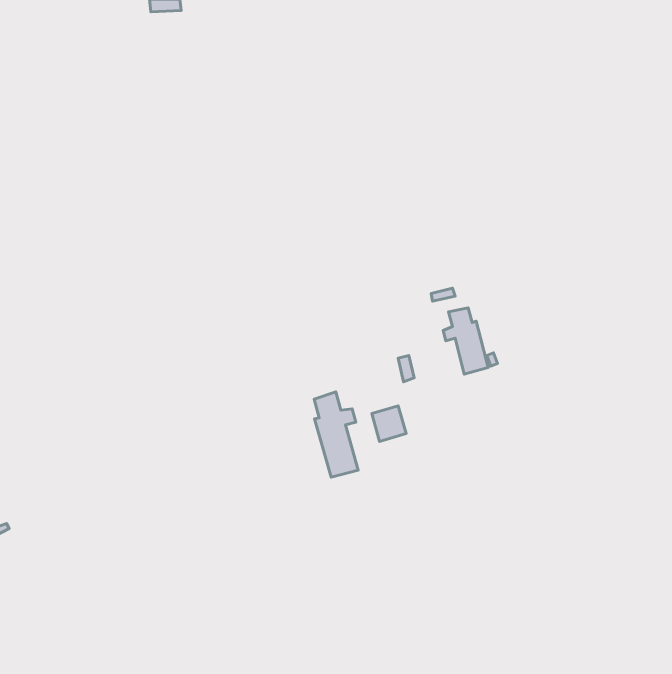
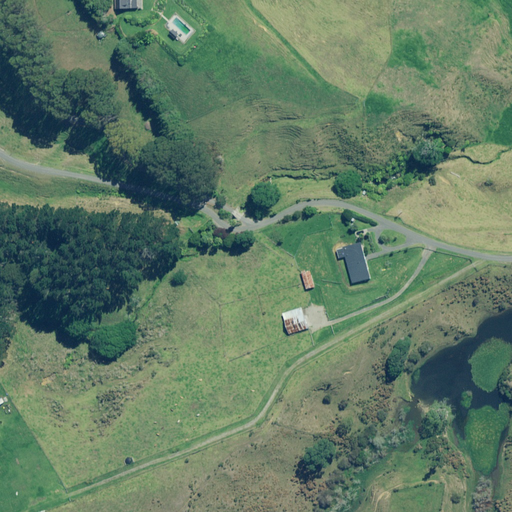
building: [314,392,358,477] -> none

